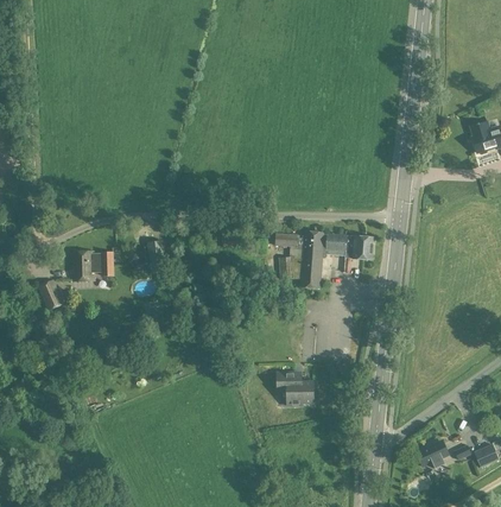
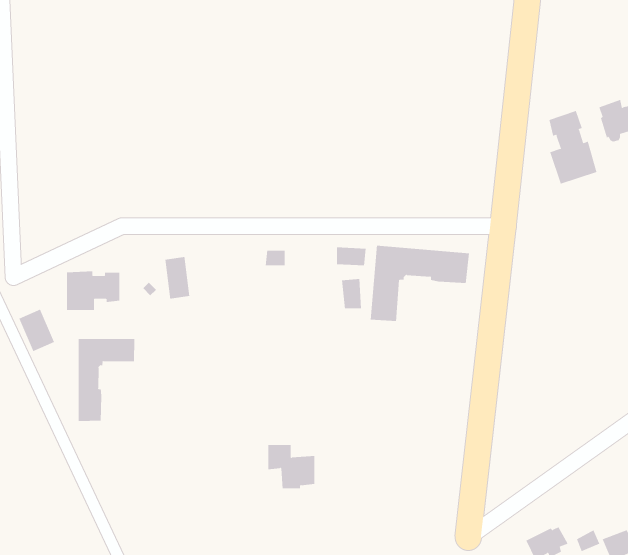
building: none -> [549,110,597,185]
building: none -> [78,338,135,422]
building: [278,372,313,405] -> [268,445,315,489]

